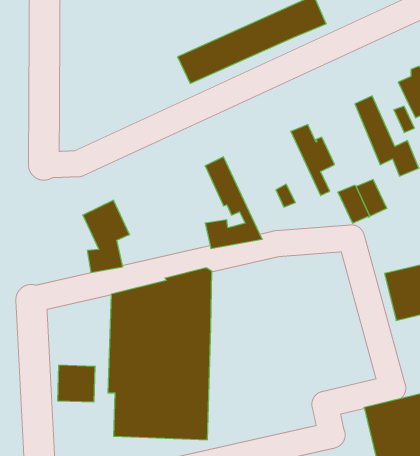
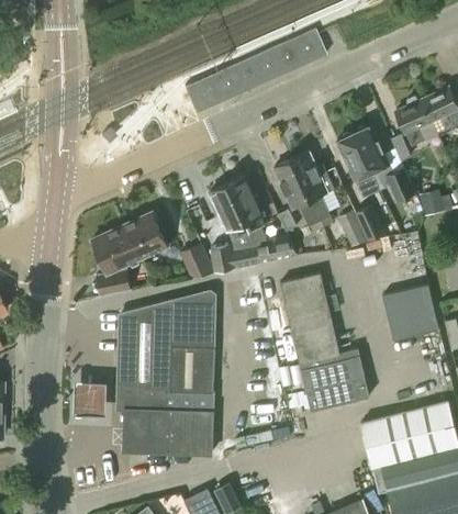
building: none -> [337,133,378,198]
building: none -> [276,159,321,227]
building: none -> [227,176,298,262]
building: none -> [122,211,168,258]
building: none -> [179,243,215,278]
building: none -> [280,273,367,411]

